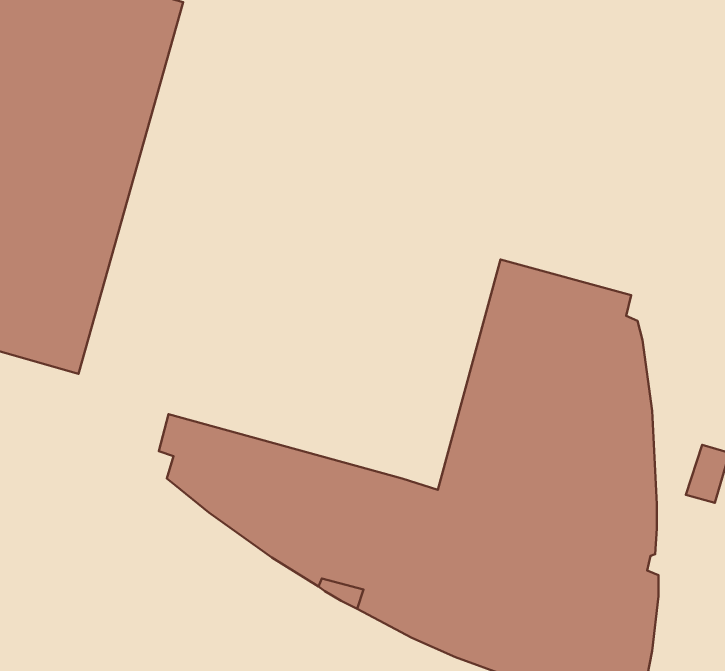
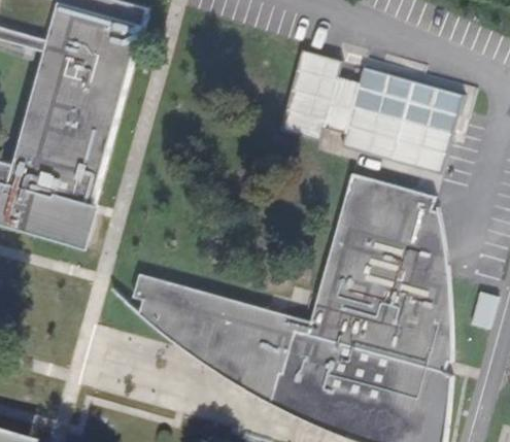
building: none -> [280,48,462,171]

